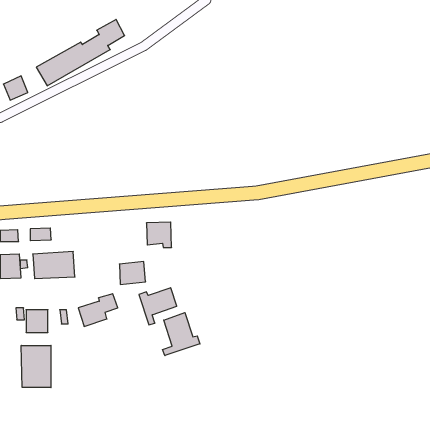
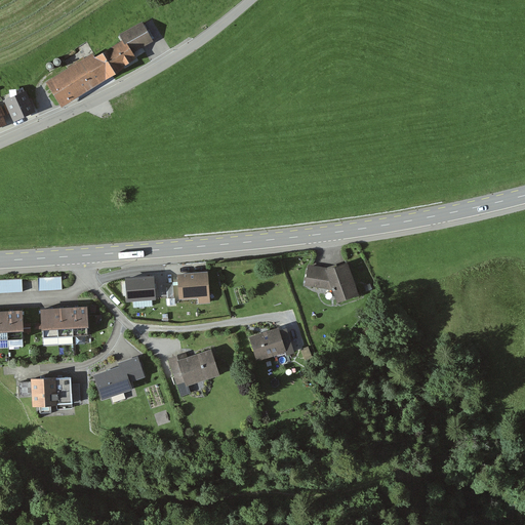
building: none -> [306,262,358,302]
building: [119,262,146,284] -> [125,272,157,299]
building: none -> [250,327,286,359]
building: [163,313,200,356] -> none
building: [21,345,51,388] -> none

